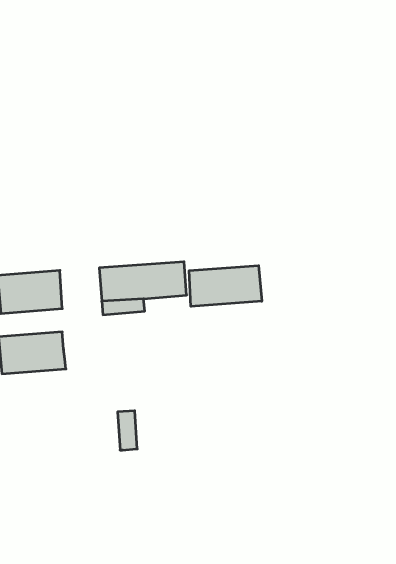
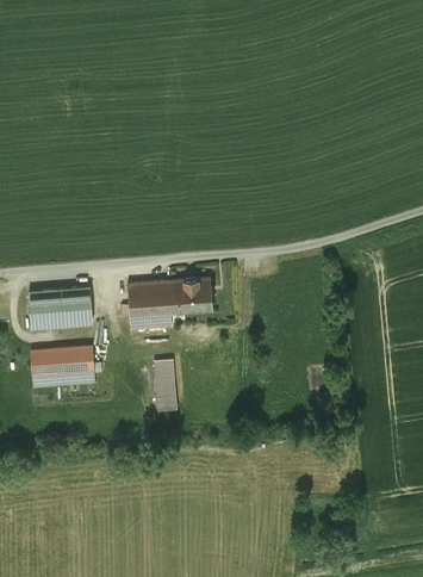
building: [189,266,262,306] -> none
building: [118,411,137,450] -> [155,360,174,398]

